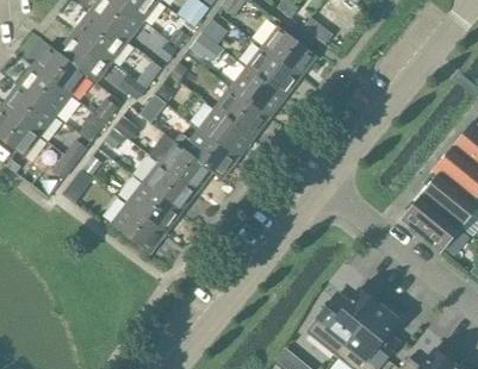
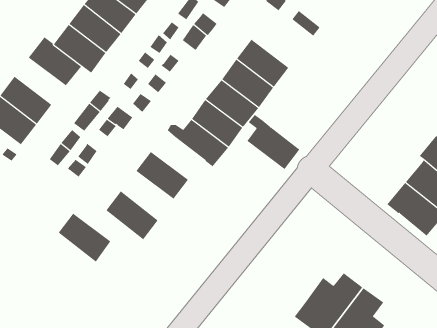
building: [261,25,316,76] -> none
building: [17,65,70,114] -> none
building: [157,135,213,192] -> [247,114,301,170]
building: [126,182,181,233] -> [58,213,111,262]

